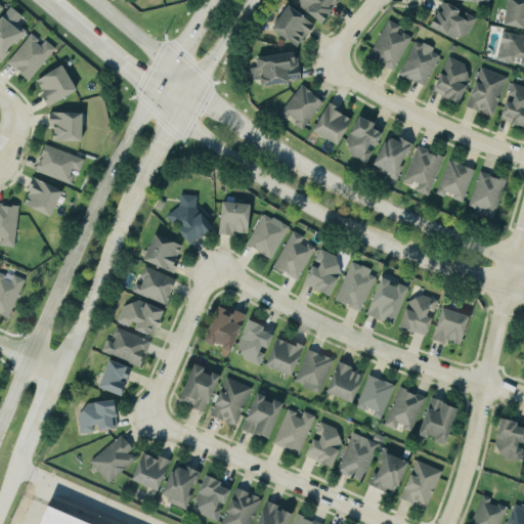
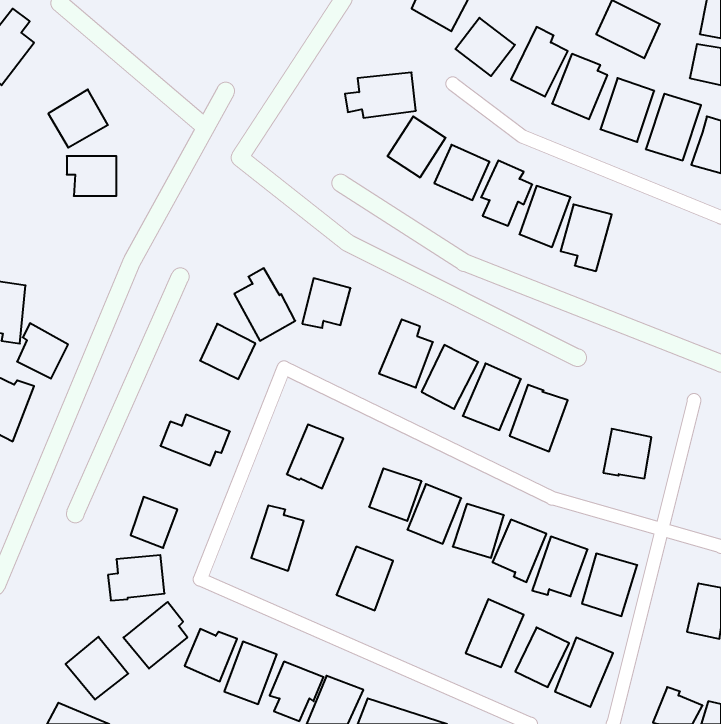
building: [271,5,314,47] -> [455,18,515,76]
building: [6,33,53,81] -> none
building: [36,146,84,181] -> none
building: [435,160,473,202] -> none
building: [468,172,505,216] -> none
building: [20,176,57,216] -> [17,323,68,379]
building: [247,213,288,258] -> none
building: [131,267,176,305] -> none
building: [399,294,436,336] -> none
building: [239,320,274,365] -> none
building: [100,328,150,366] -> none
building: [210,377,252,426] -> none
building: [273,408,313,453] -> none
building: [306,423,346,468] -> none
building: none -> [66,637,128,700]

